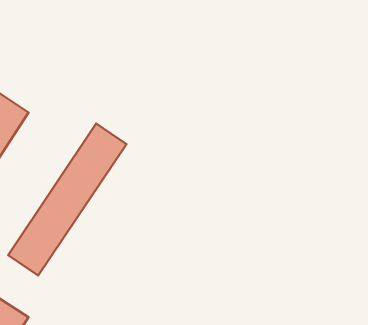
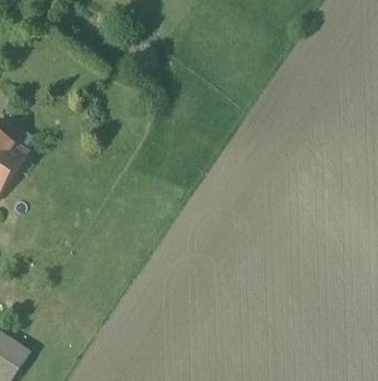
building: [8,124,126,276] -> none

